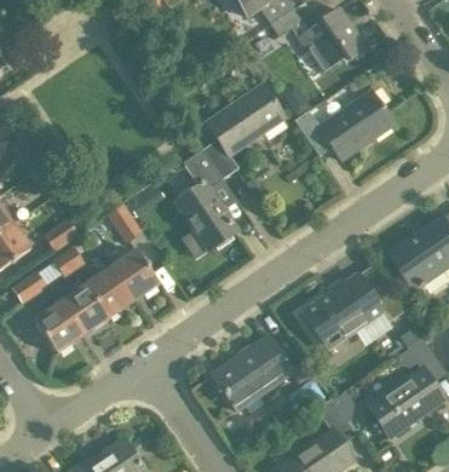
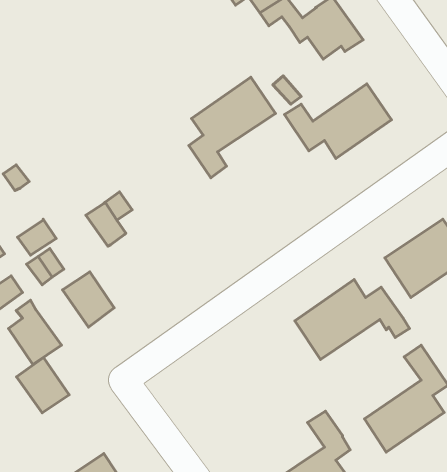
building: [175,148,237,251] -> none
building: [110,249,159,300] -> none
building: [59,283,109,335] -> [16,357,69,413]
building: [212,335,313,410] -> none

